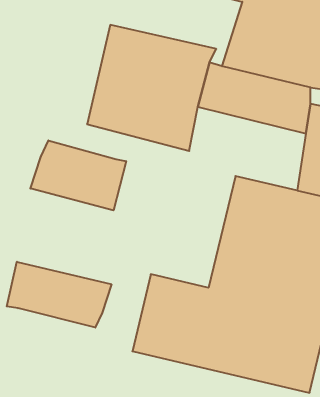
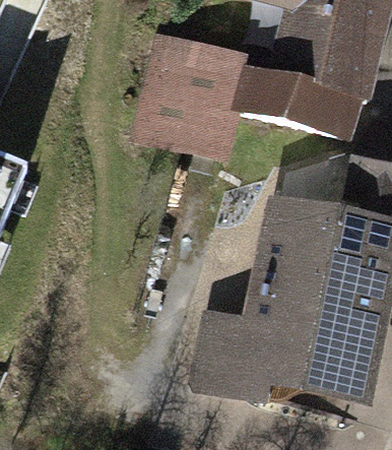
building: [30,140,126,210] -> none
building: [7,262,111,328] -> none

